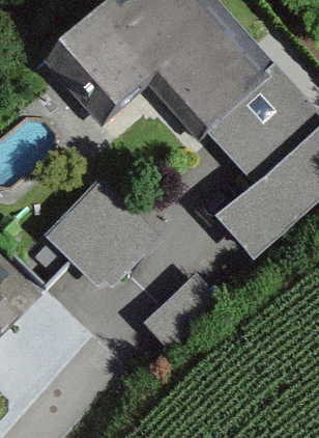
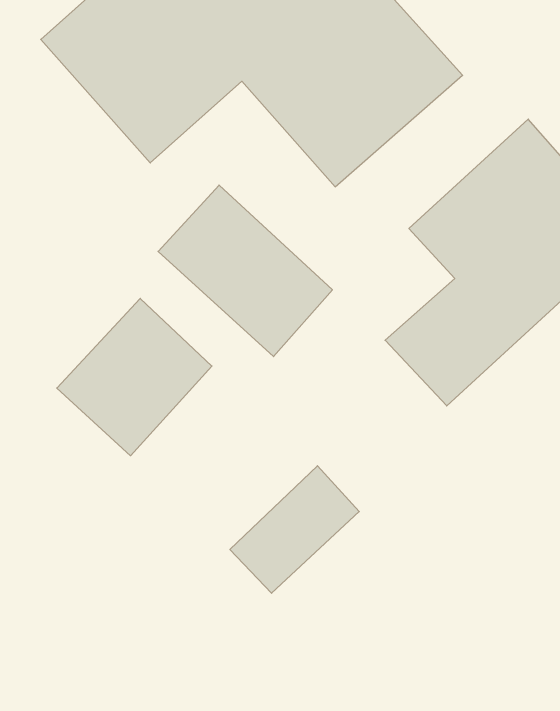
building: none -> [158,185,332,357]

